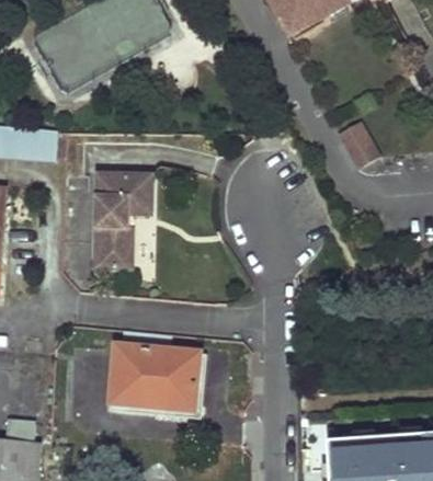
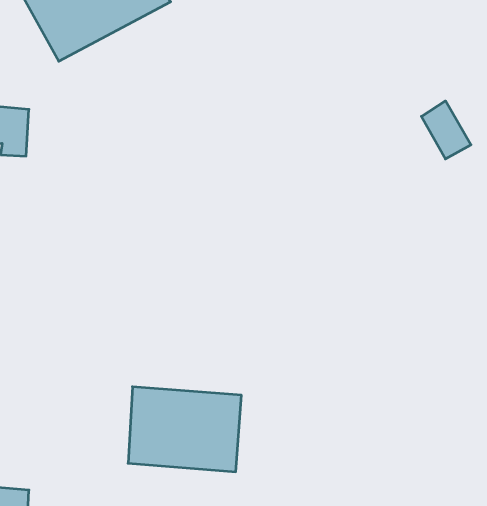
building: [93,171,150,265] -> none

